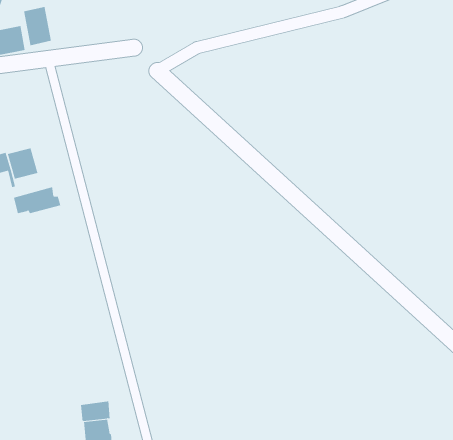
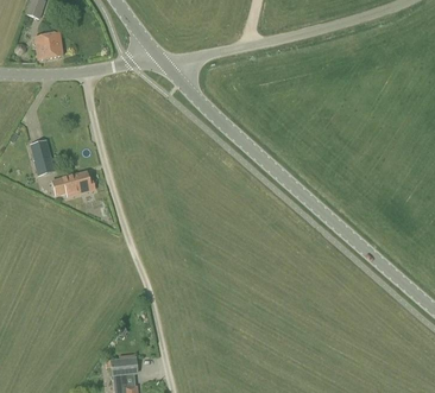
building: [23,6,51,46] -> none
building: [7,147,38,180] -> none

